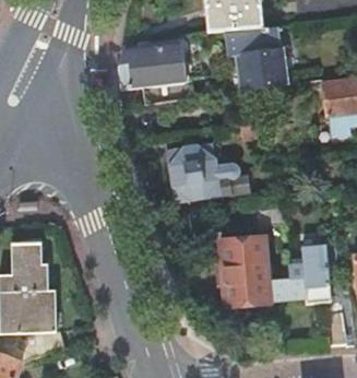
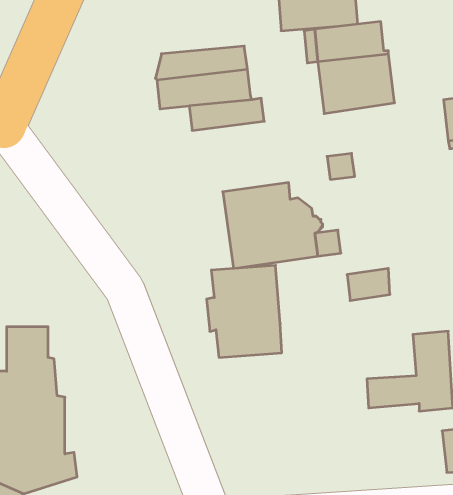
building: [216,238,270,304] -> [207,265,282,357]

